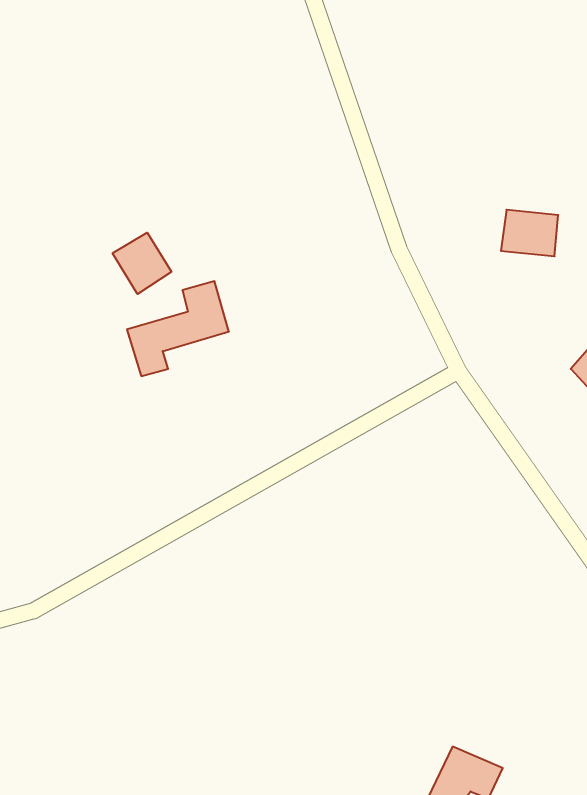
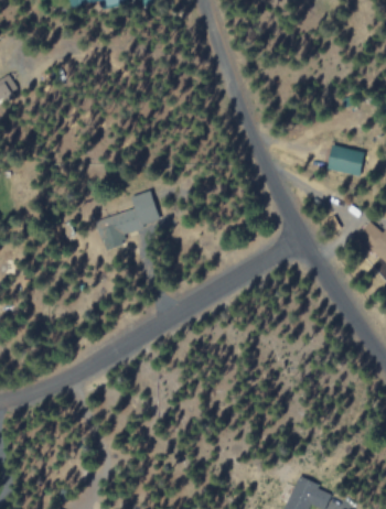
building: [113,233,171,294] -> none

